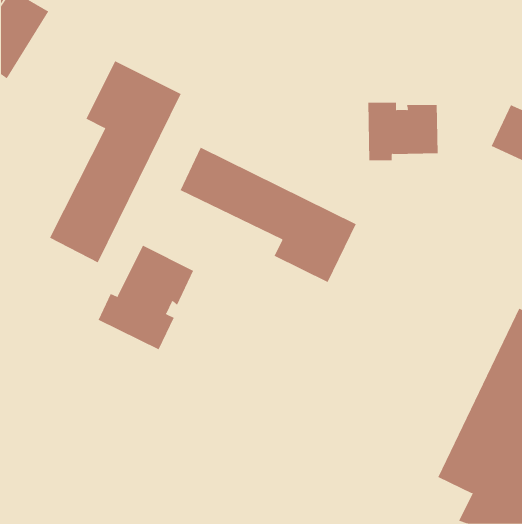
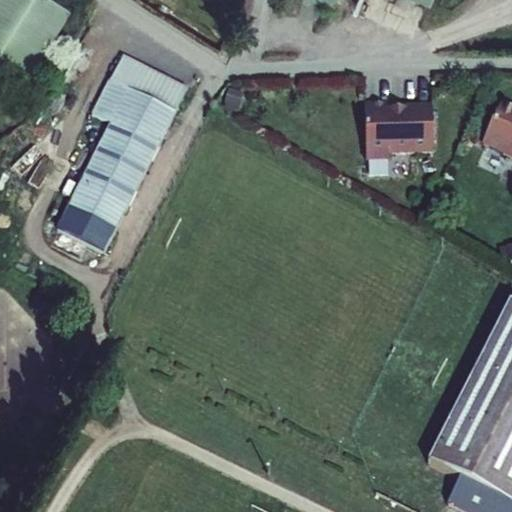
building: [180,147,357,283] -> none
building: [98,245,194,350] -> none

